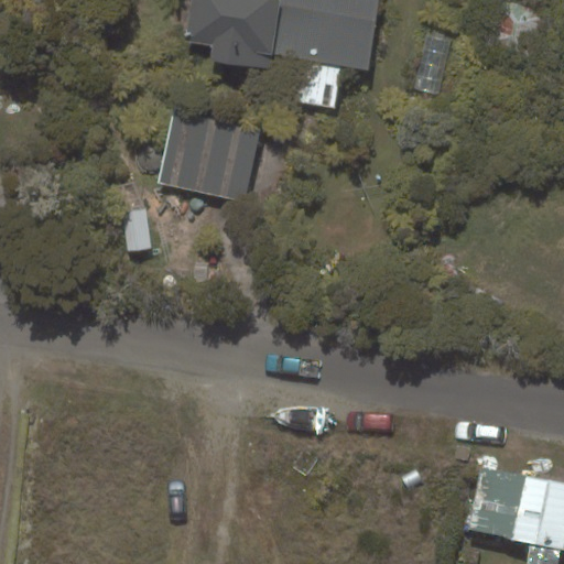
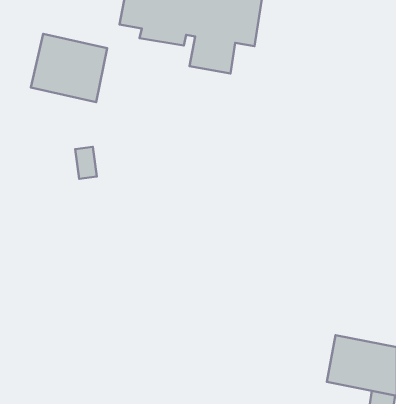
building: [158,109,262,203] -> [31,34,107,102]

